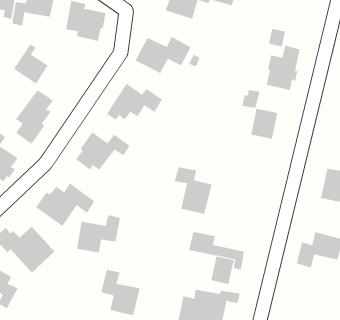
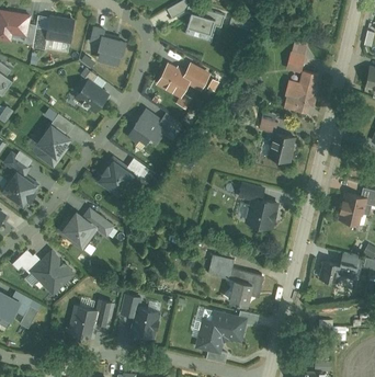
building: [13,43,49,85] -> [73,71,109,112]
building: [174,167,213,215] -> [239,184,277,231]
building: [76,214,121,253] -> [69,297,113,335]

